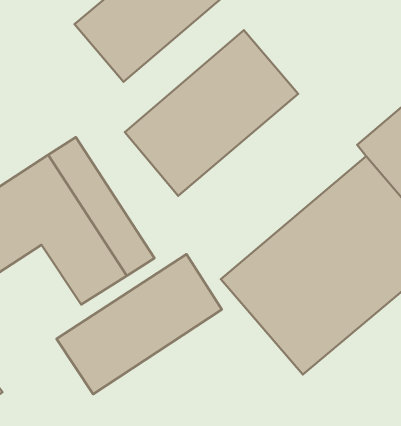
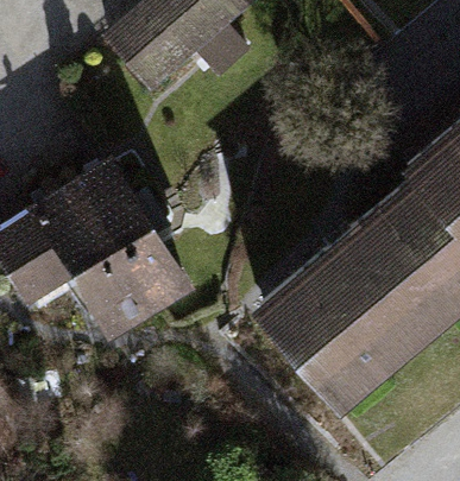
building: [125,30,298,196] -> none
building: [56,254,222,394] -> none

